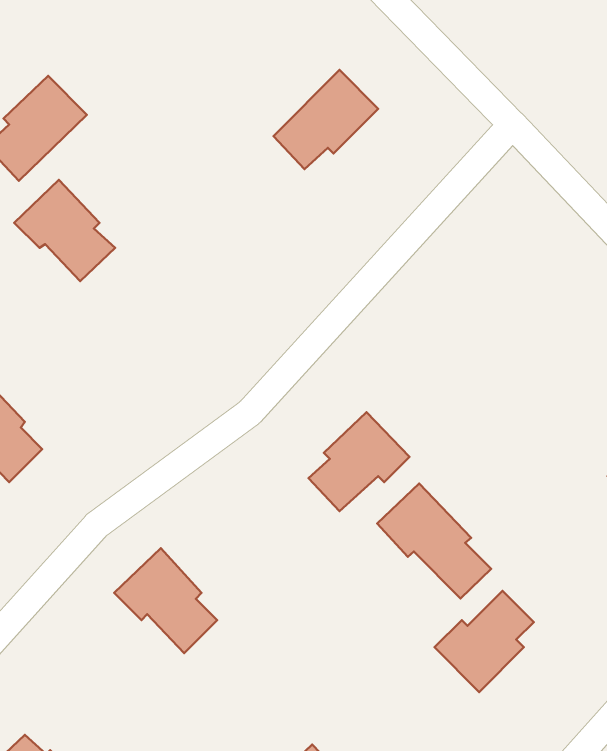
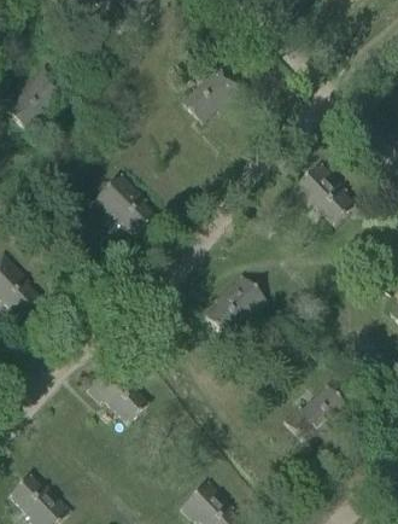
building: [14,180,115,281] -> [92,173,154,235]
building: none -> [293,162,356,226]
building: [377,483,491,599] -> none

